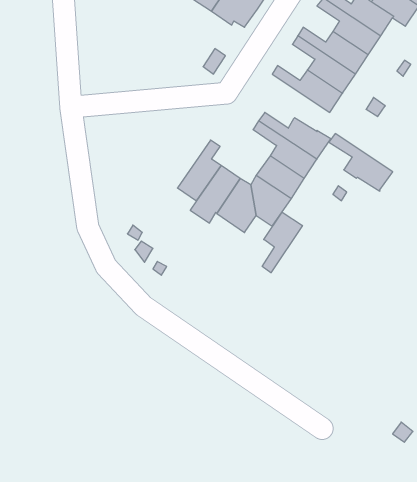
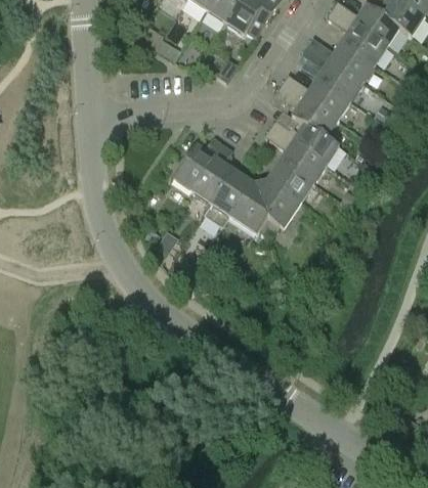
building: [329,134,393,191] -> [277,81,339,136]
building: none -> [174,138,224,190]
building: [262,212,302,273] -> none

